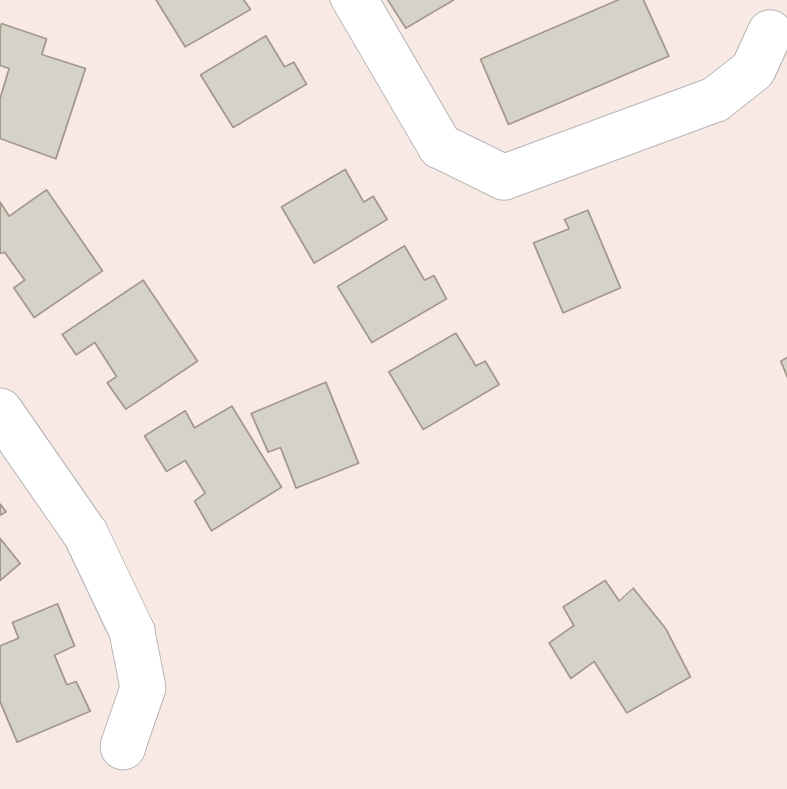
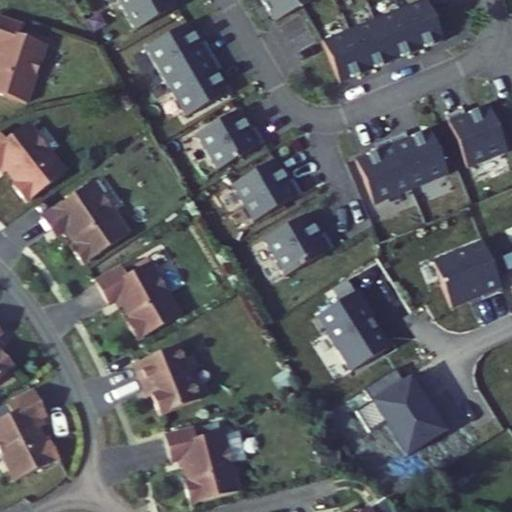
building: none -> [155,54,217,116]
building: none -> [438,100,500,163]
building: none -> [383,125,441,185]
building: none -> [434,238,507,306]
building: [251,382,358,488] -> [136,344,205,412]
building: none -> [313,290,385,370]
building: none -> [167,427,249,502]

